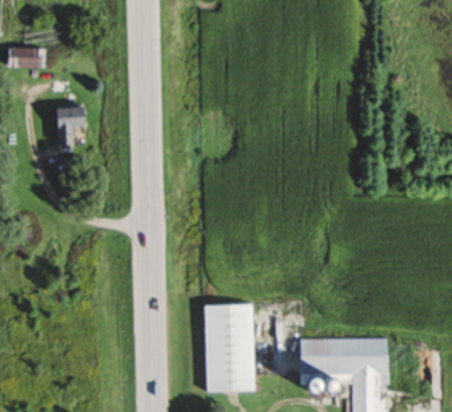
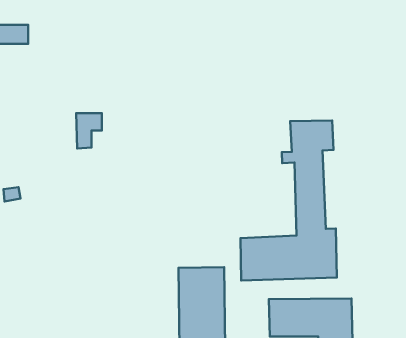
building: [56,109,84,146] -> [76,113,102,148]
building: none -> [241,121,337,281]

